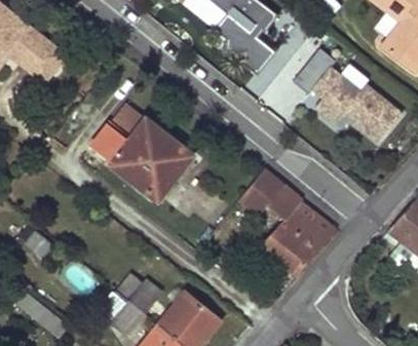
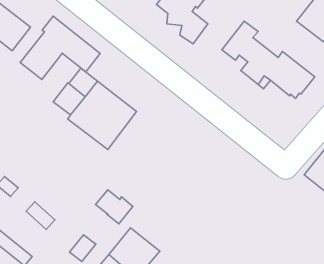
building: none -> [20,16,100,80]
building: [239,168,336,274] -> none
building: [116,272,160,312] -> [96,190,133,224]

